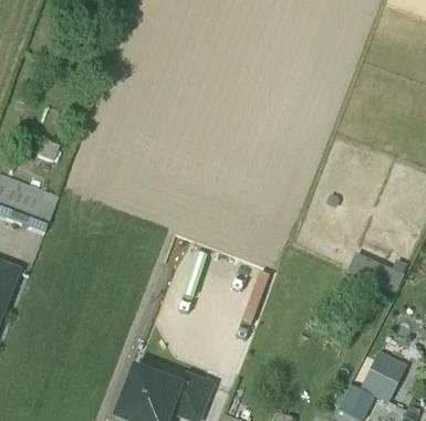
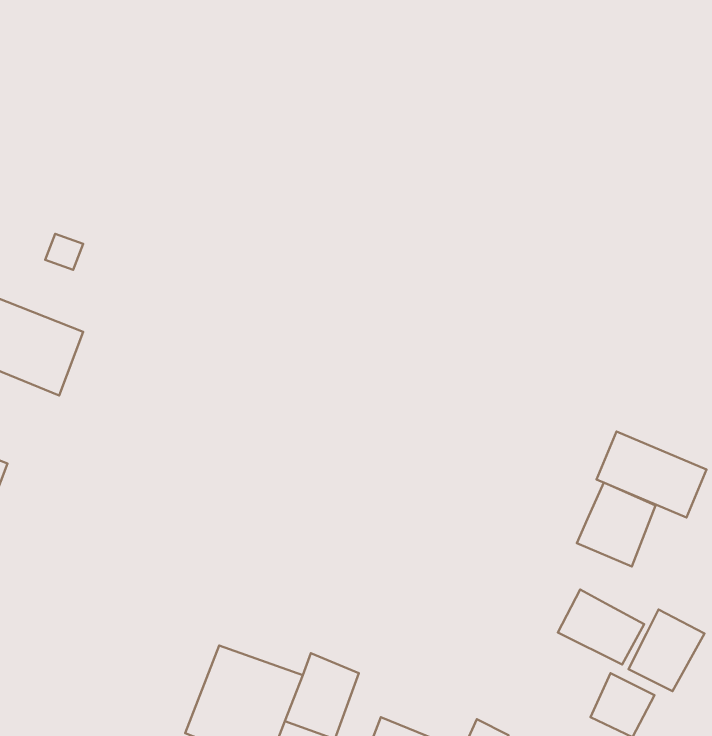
building: none -> [577,483,656,566]
building: none -> [558,590,644,664]

